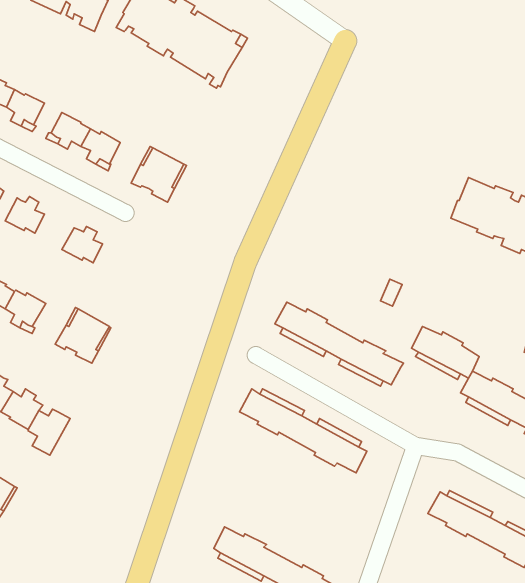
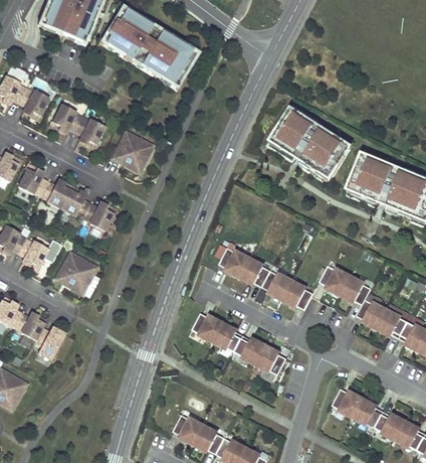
building: none -> [271,109,349,174]
building: none -> [40,179,69,207]
building: none -> [83,201,113,230]

